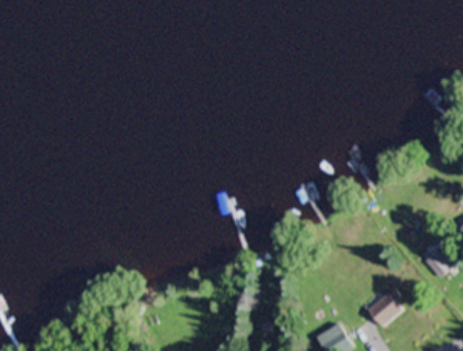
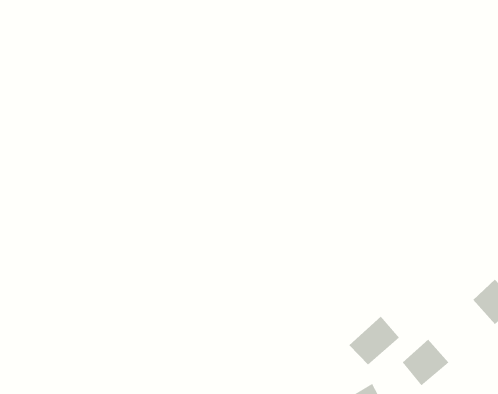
building: none -> [349,316,400,365]

